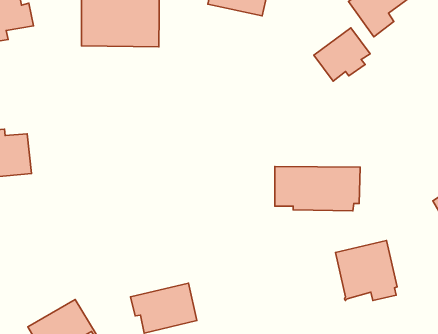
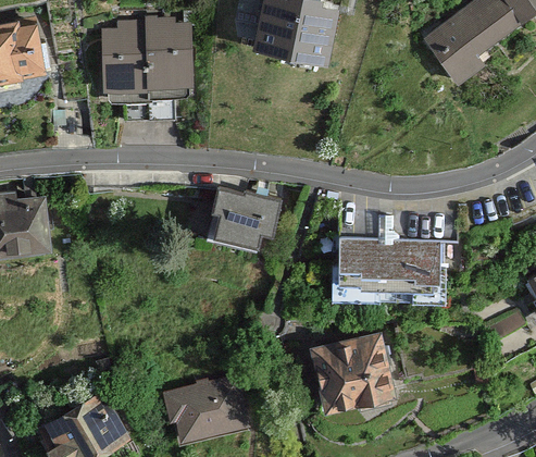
building: [314,28,370,81] -> none
building: none -> [211,189,278,249]
building: [336,241,397,300] -> [314,337,388,409]

